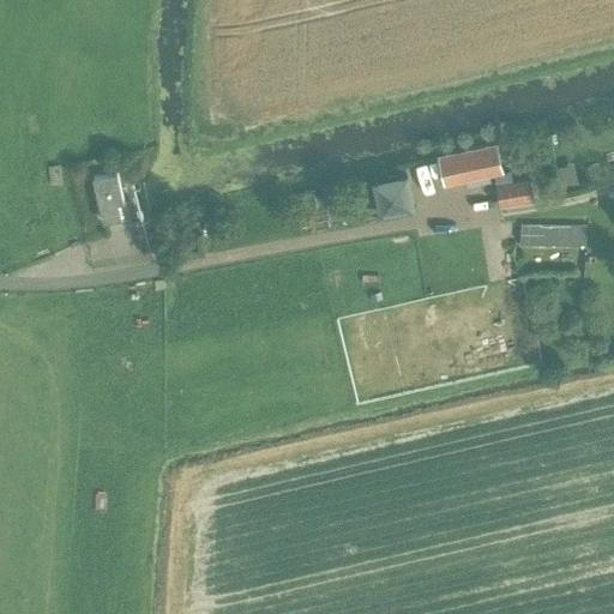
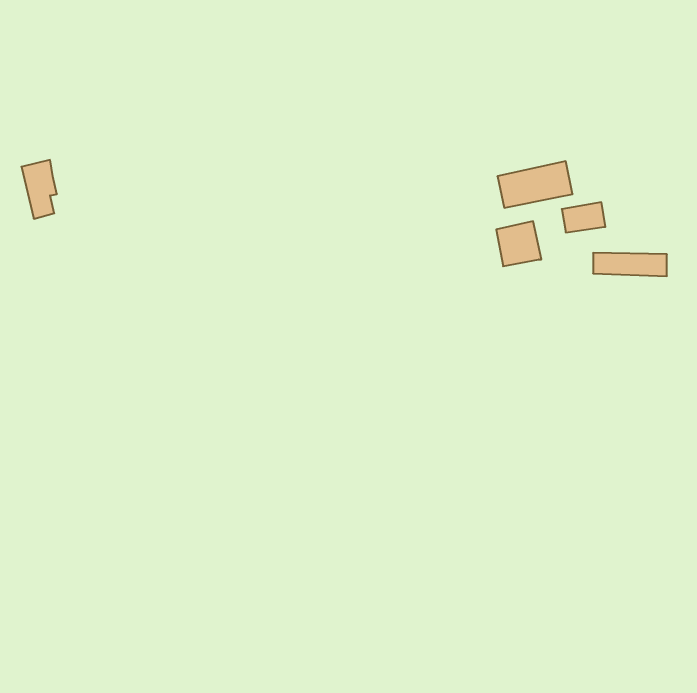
building: [91,173,122,224] -> [21,160,57,219]
building: [373,177,413,217] -> [496,221,541,266]

